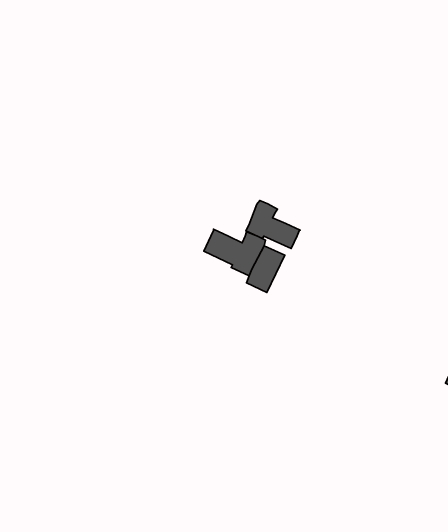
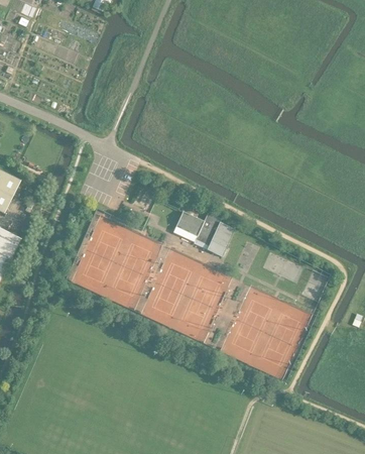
building: [246,200,300,248] -> none

